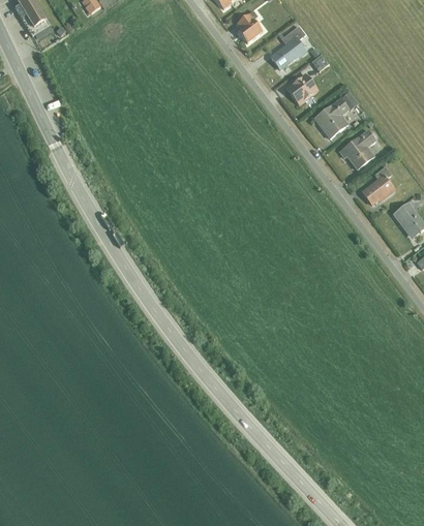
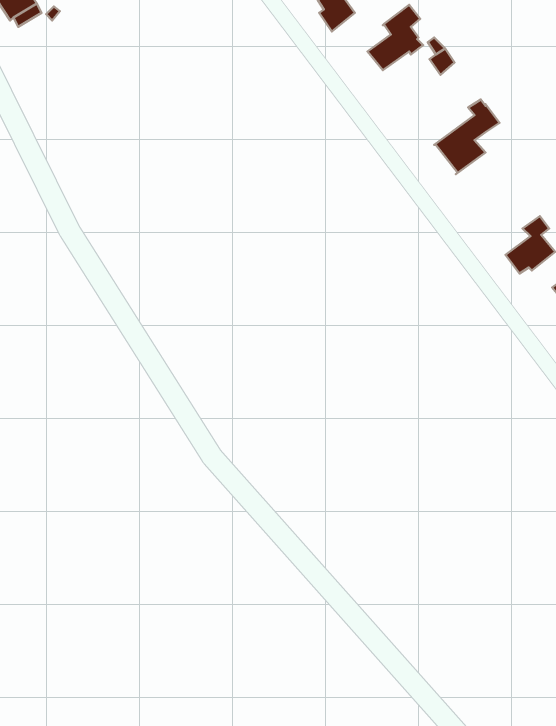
building: [285,73,317,104] -> none
building: [339,129,376,168] -> none

